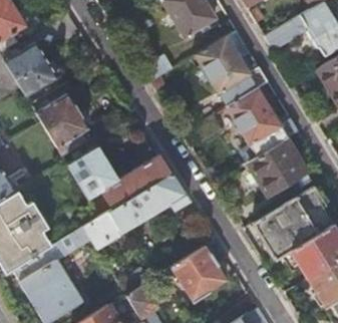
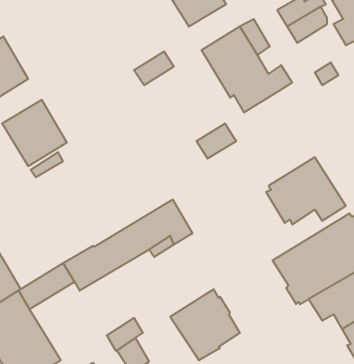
building: [227,87,300,171] -> none
building: [67,145,173,211] -> none

